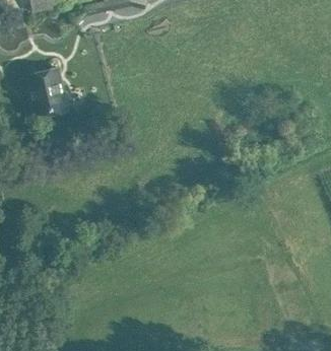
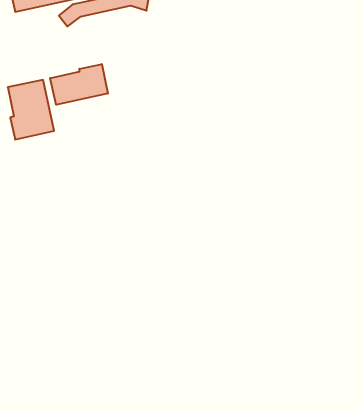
building: none -> [50,64,108,105]

